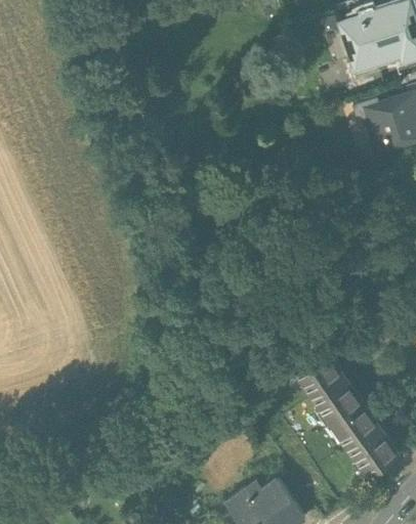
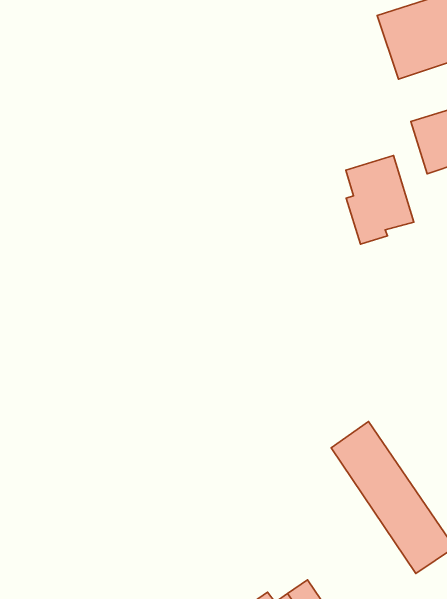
building: none -> [346,155,414,244]

